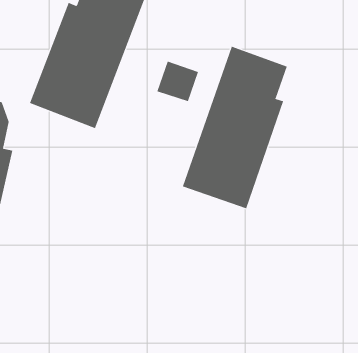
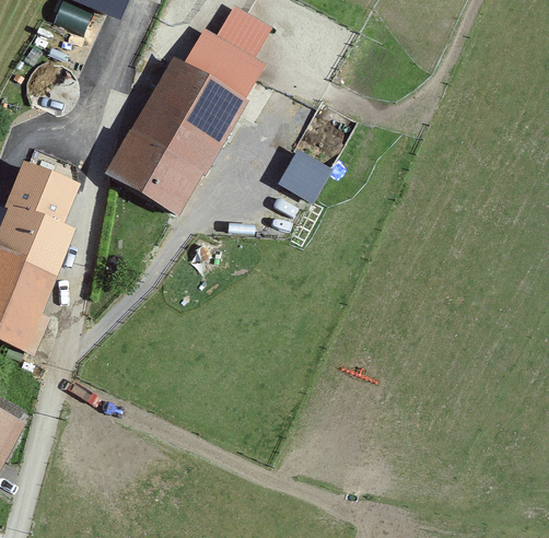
building: [182,46,287,209] -> none

